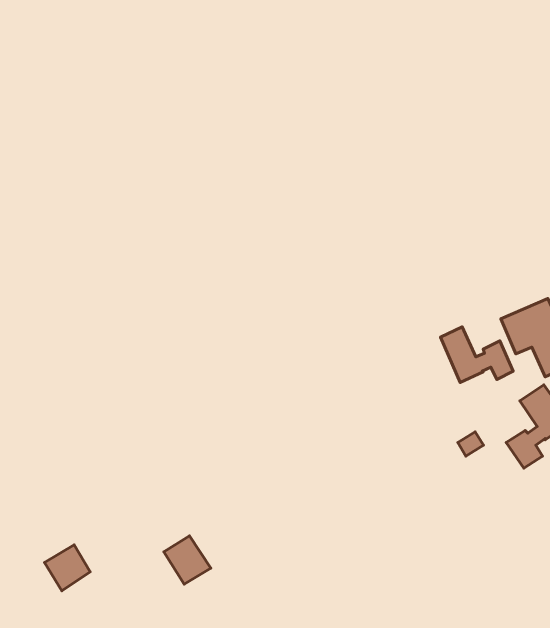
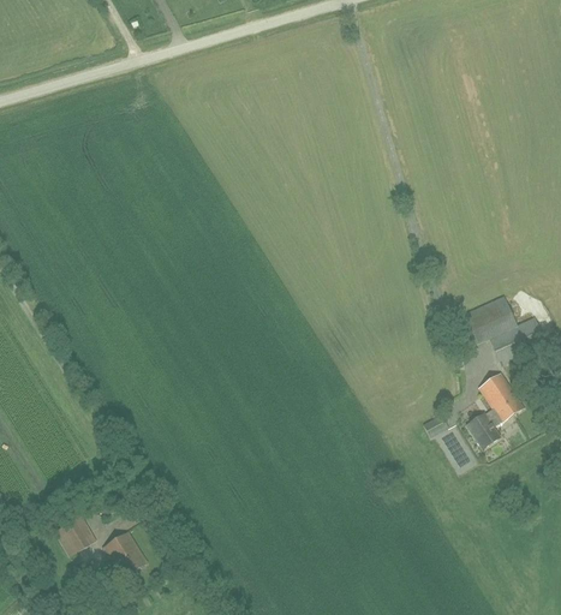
building: [441,327,513,383] -> none
building: [164,536,211,584] -> [103,532,145,575]

